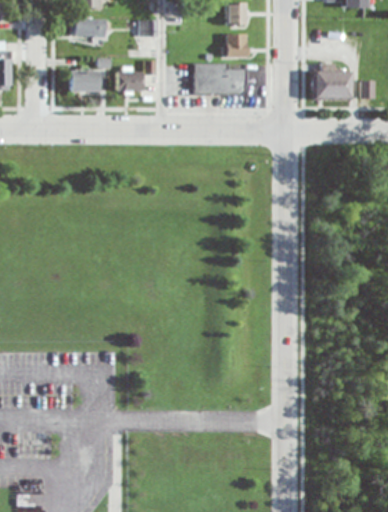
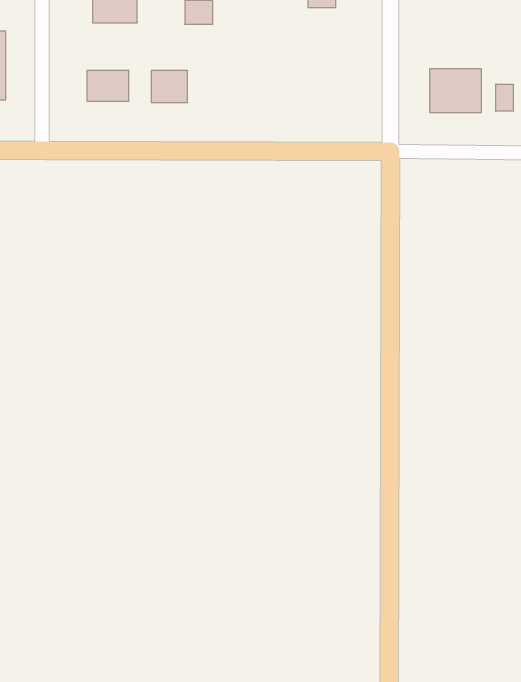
building: [223,34,247,57] -> none
building: [194,64,245,95] -> none

